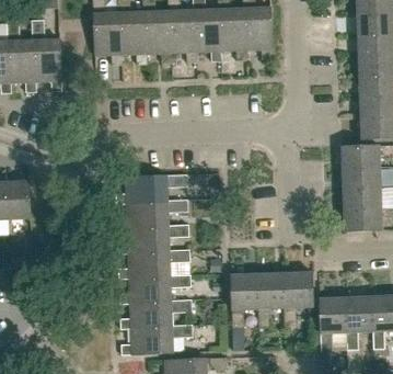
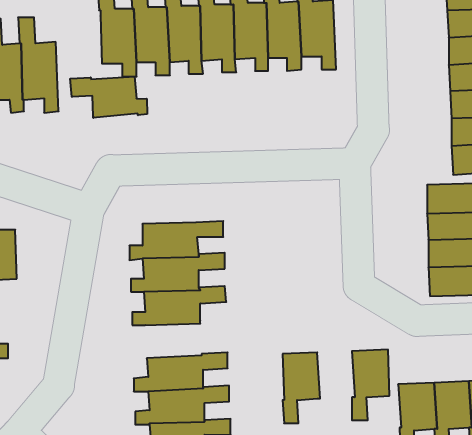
building: none -> [70,77,147,118]
building: [118,248,190,277] -> none
building: [258,272,287,326] -> none

